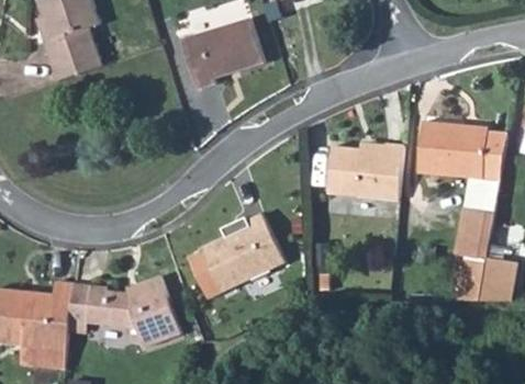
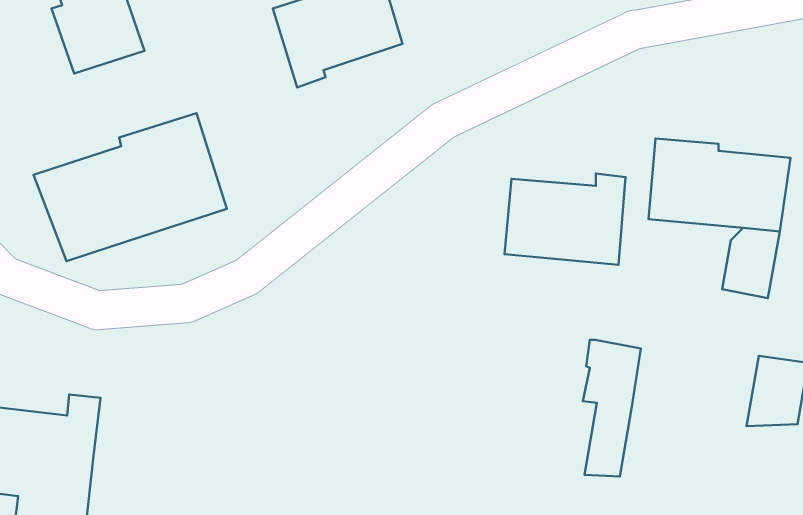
building: none -> [33,113,227,261]
building: [199,213,284,292] -> none
building: [455,215,491,301] -> [583,340,641,477]
building: [69,275,179,347] -> none

